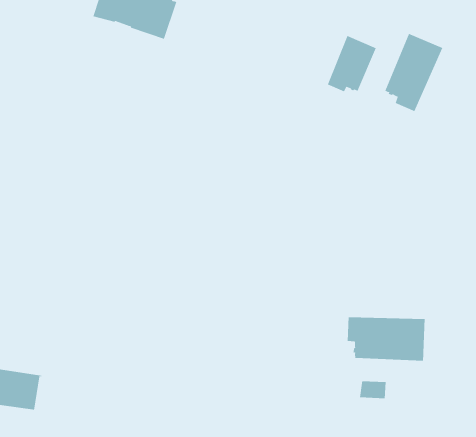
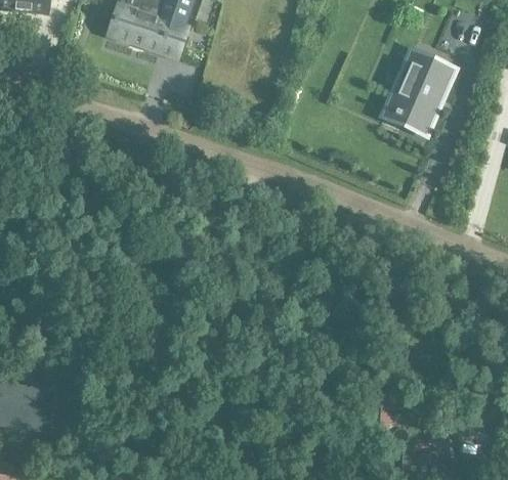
building: [327,35,377,92] -> none
building: [347,317,425,362] -> none

